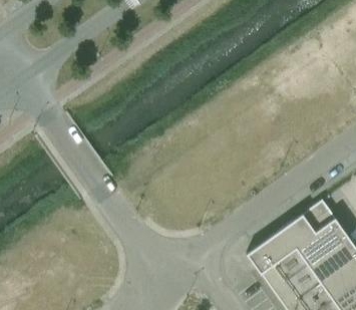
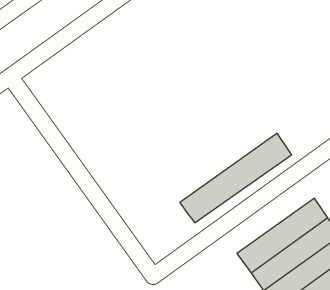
building: none -> [180,133,292,223]

